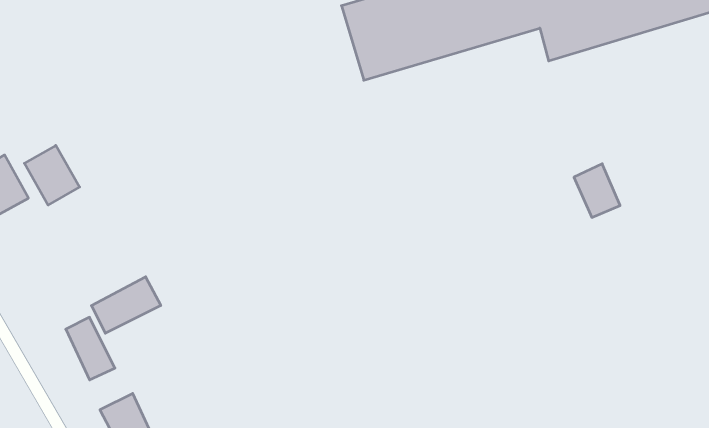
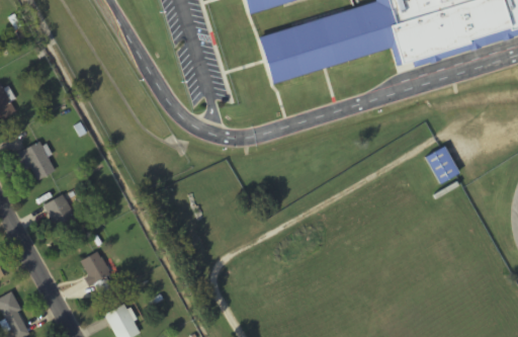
building: [24,145,80,205] -> [38,186,76,227]
building: [91,277,161,333] -> none

